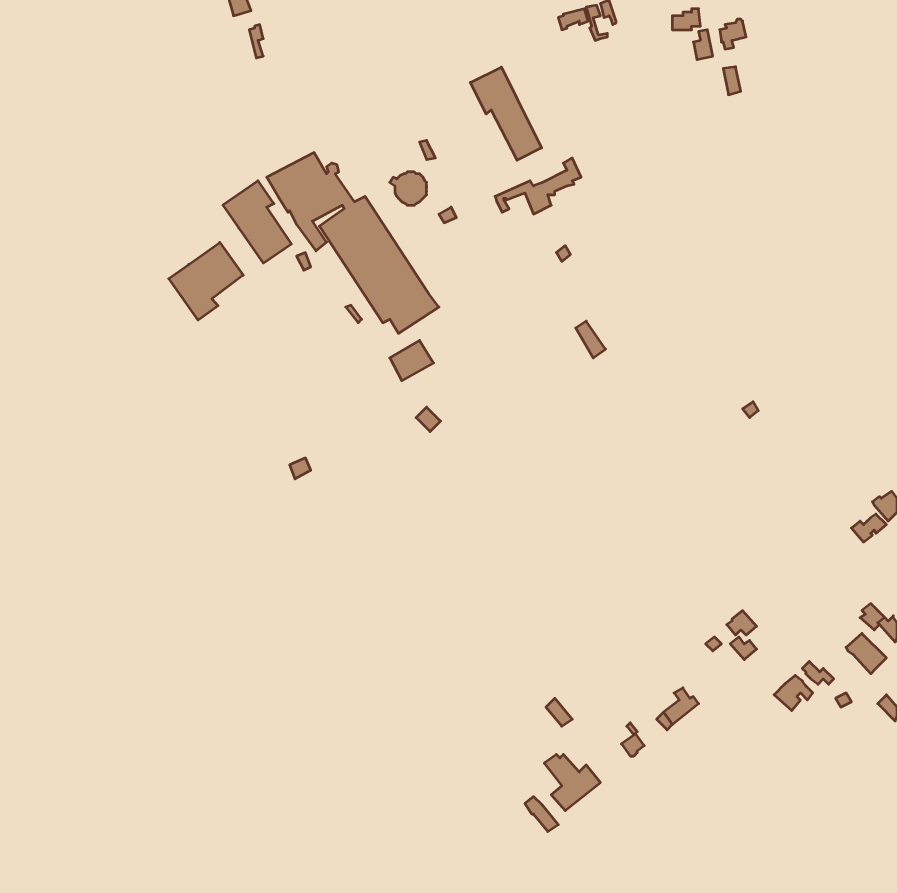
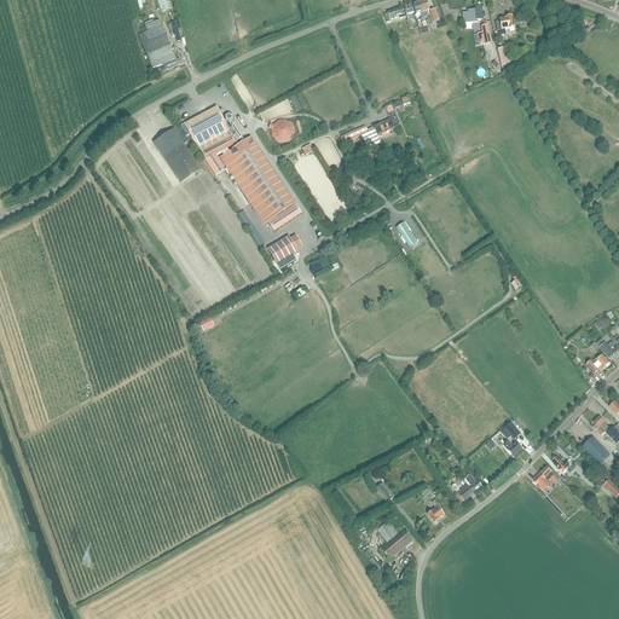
building: none -> [138,18,175,66]
building: [470,67,542,160] -> none
building: [169,242,243,320] -> none

